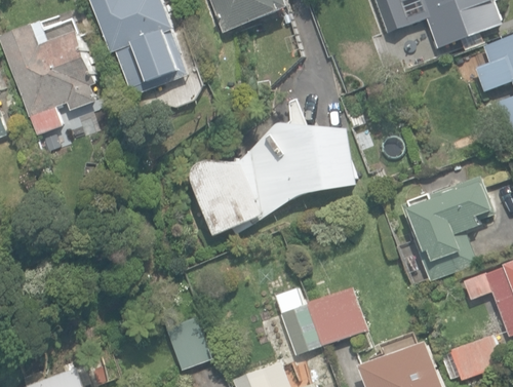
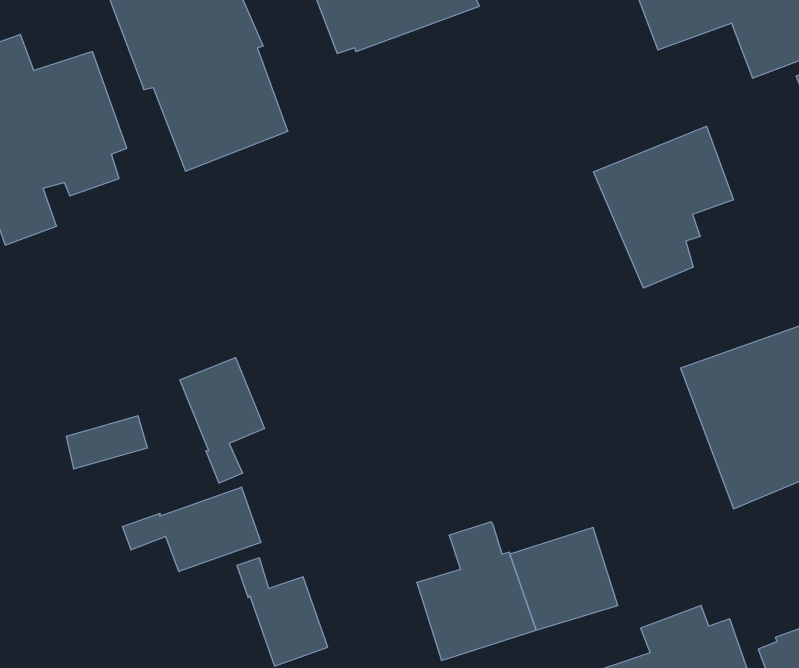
building: none -> [594,126,733,288]
building: [190,122,357,235] -> none
building: none -> [180,358,264,483]
building: none -> [122,487,261,572]

